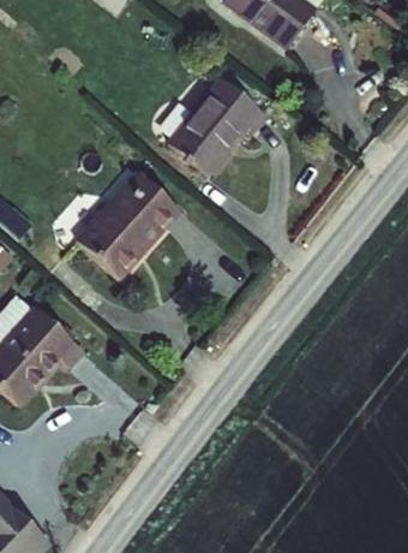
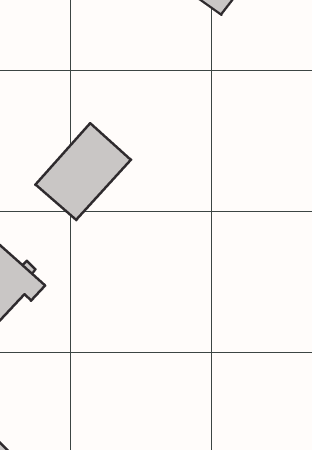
building: [164,73,266,176] -> none

